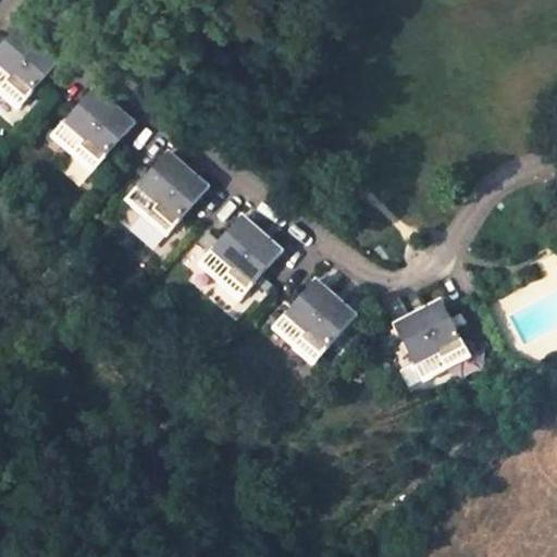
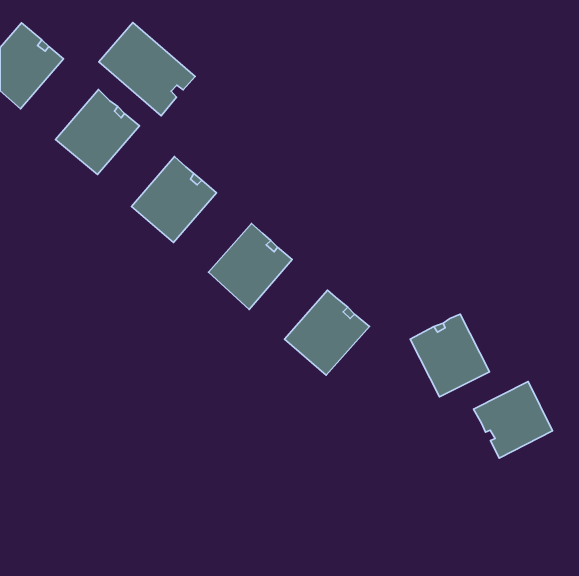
building: none -> [99,22,195,116]
building: none -> [473,381,552,458]

